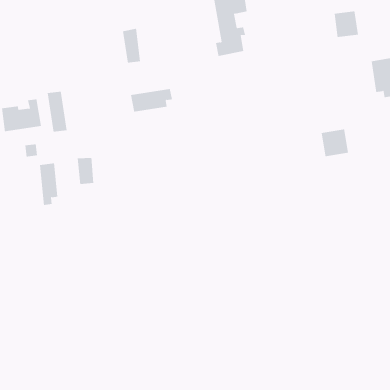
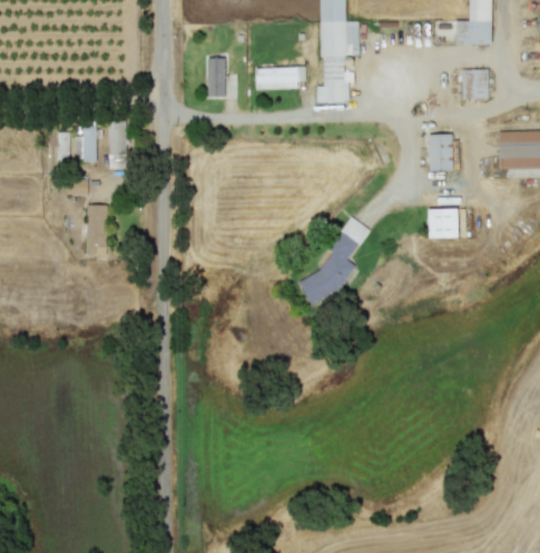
building: none -> [429,135,453,171]
building: [130,89,173,112] -> [256,68,306,90]
building: none -> [302,217,370,304]
building: [77,157,94,185] -> none

